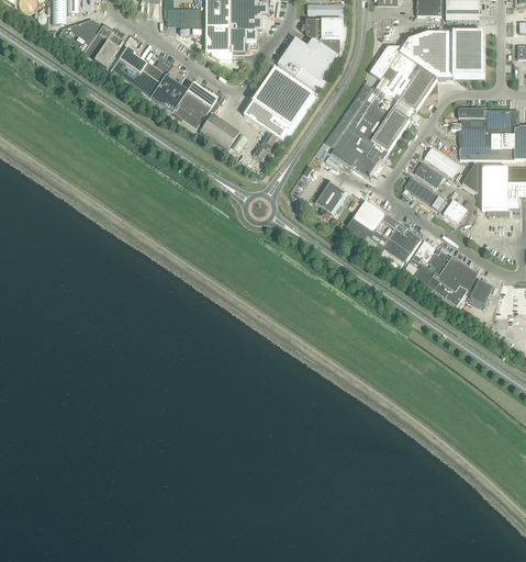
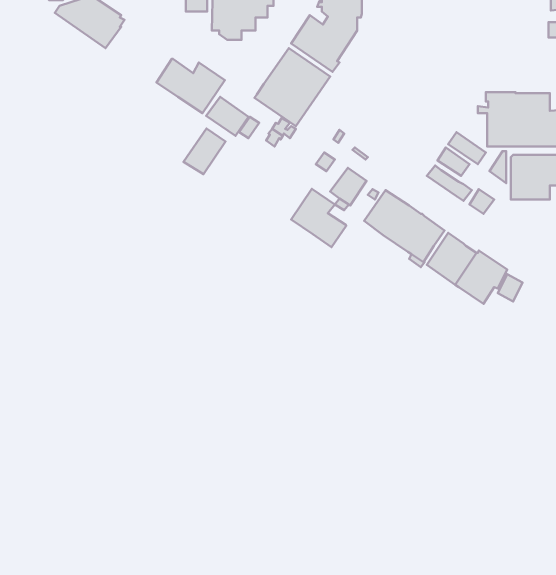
building: [325,30,485,176] -> none
building: [110,45,170,98] -> none
building: none -> [183,128,225,174]
building: none -> [291,189,346,247]

